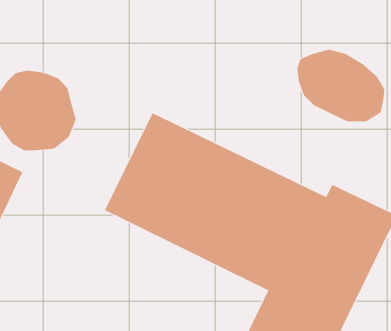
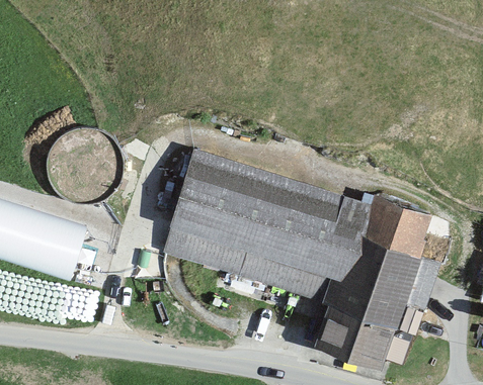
building: [297,49,385,122] -> none

